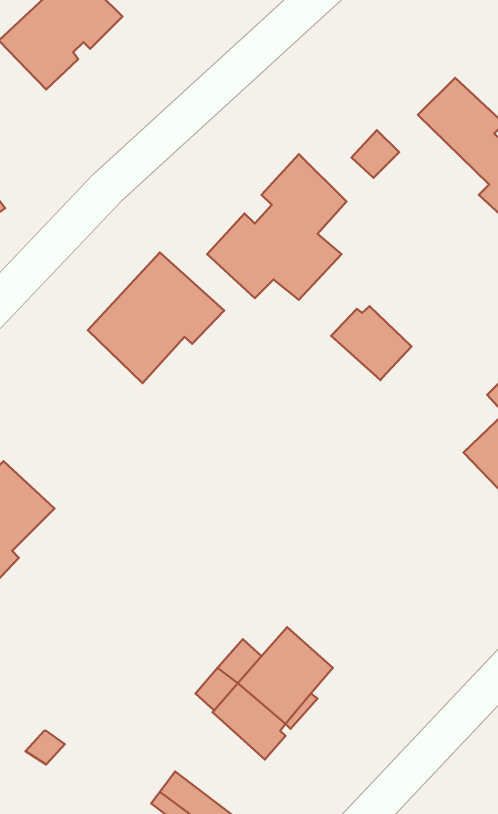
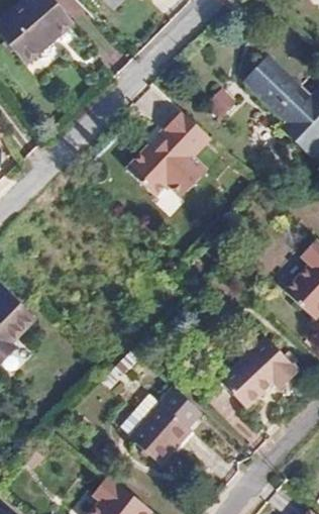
building: [88,253,224,383] -> none
building: [331,306,412,380] -> none
building: none -> [215,335,293,406]

